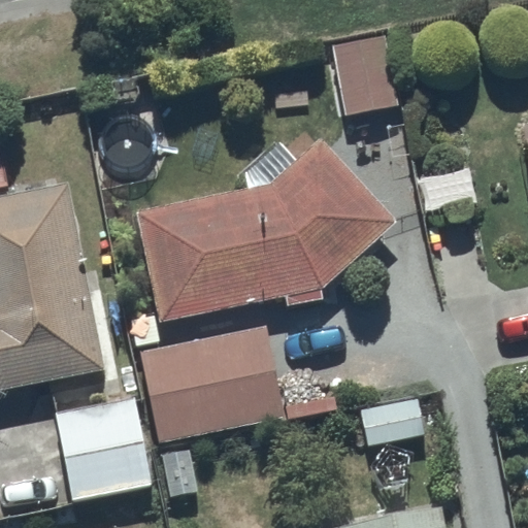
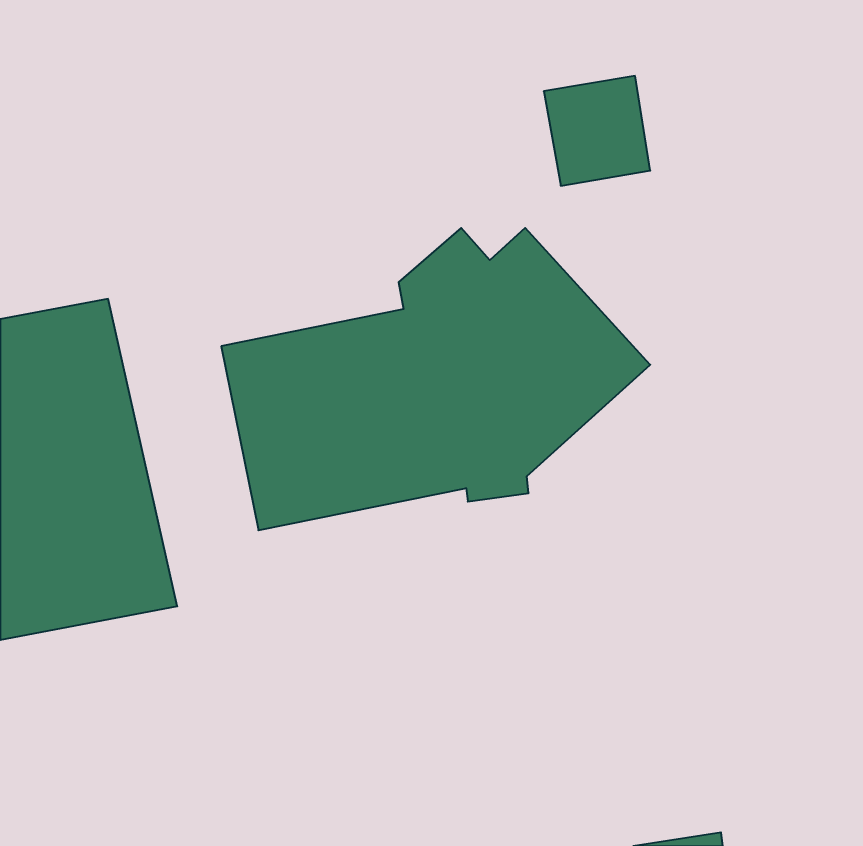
building: [139,323,285,442] -> none
building: [55,394,153,500] -> none

